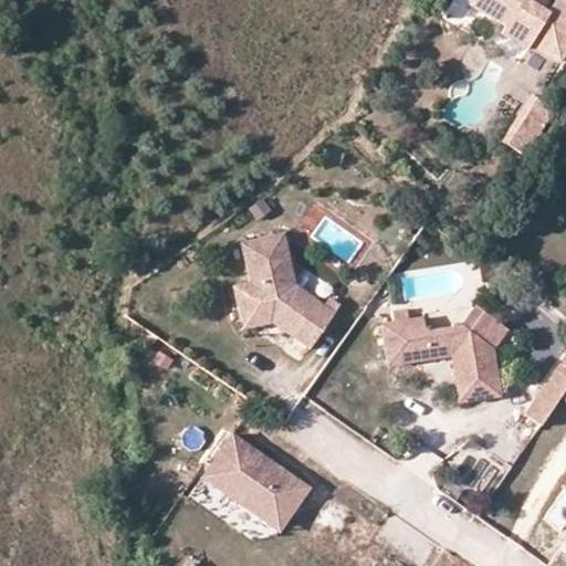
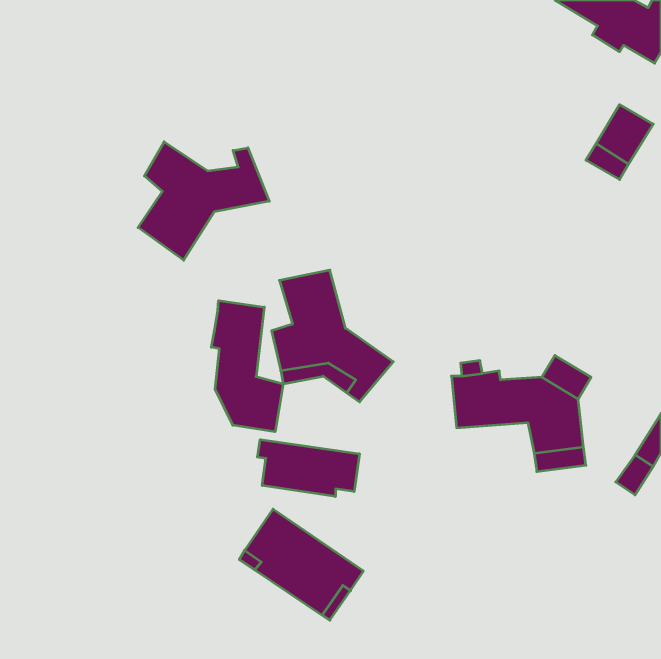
building: none -> [138,142,269,260]
building: none -> [211,301,283,432]
building: none -> [257,440,359,497]

